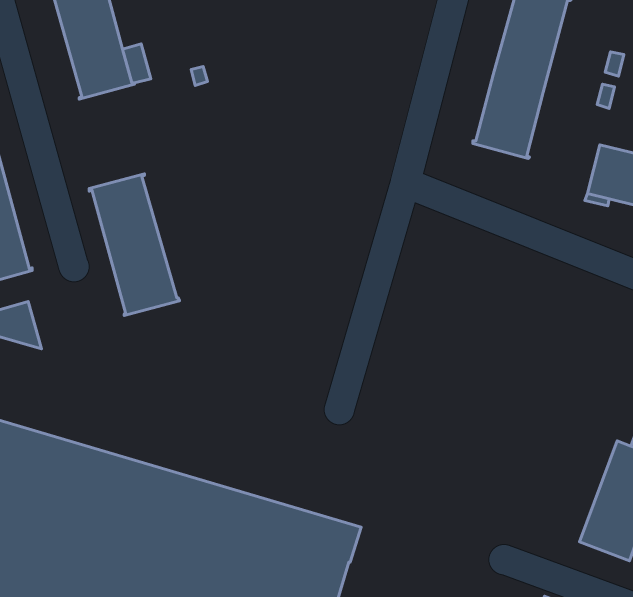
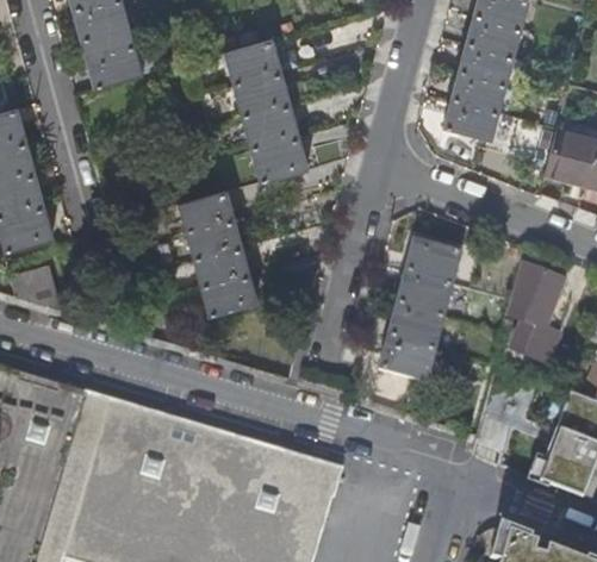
building: none -> [223,39,307,183]
building: [89,174,180,316] -> [178,192,257,317]
building: none -> [377,238,462,382]
building: none -> [506,261,565,363]

